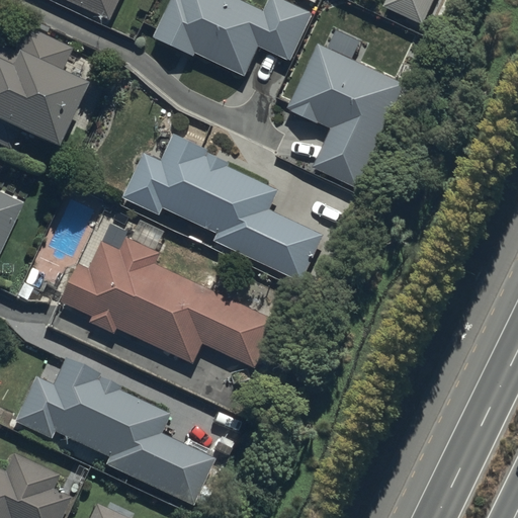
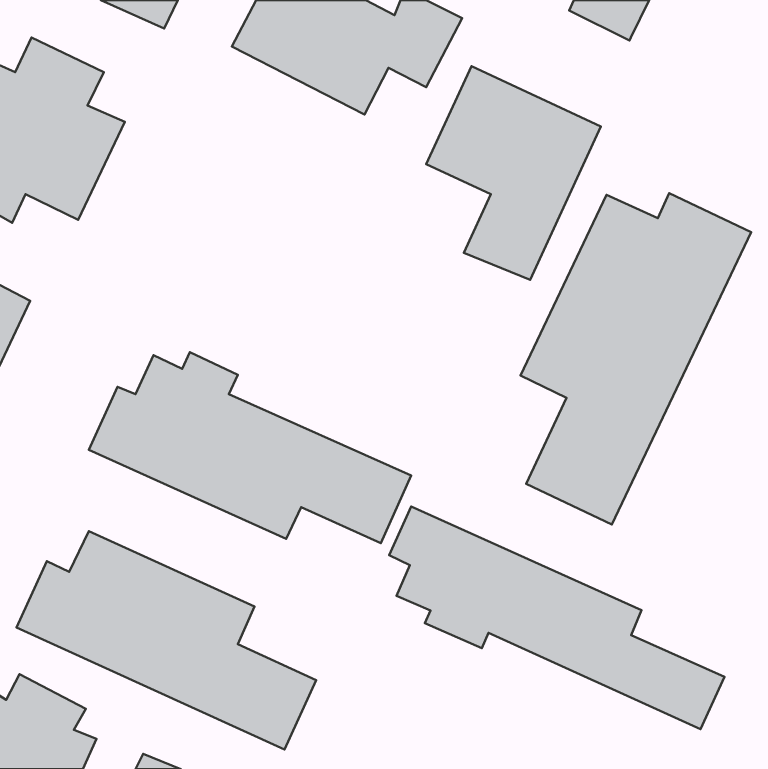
building: none -> [520,193,751,524]
building: [123,133,325,281] -> none
building: none -> [389,506,725,729]

